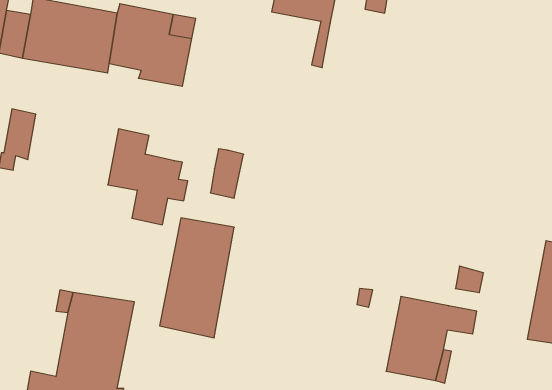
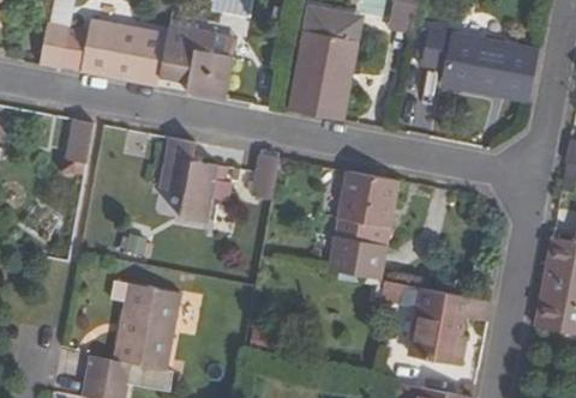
building: none -> [415,28,538,101]
building: none -> [289,31,350,121]
building: [160,218,234,338] -> [329,171,396,279]

